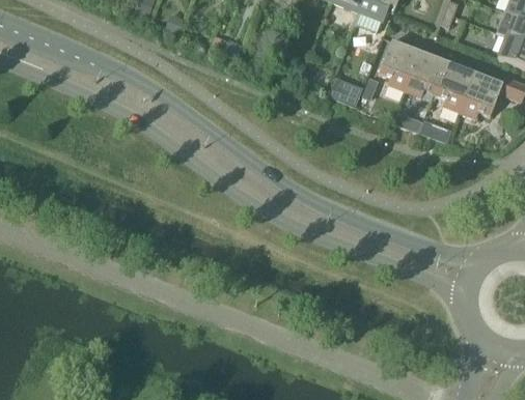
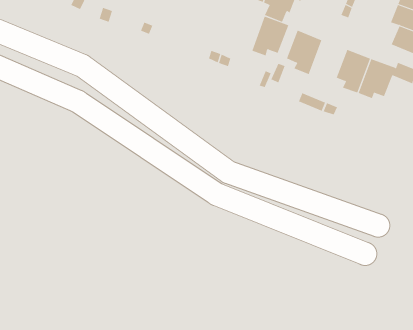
building: [405,50,447,95] -> [251,16,289,56]

